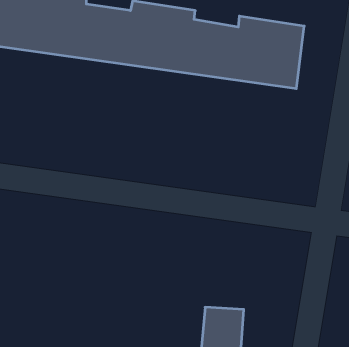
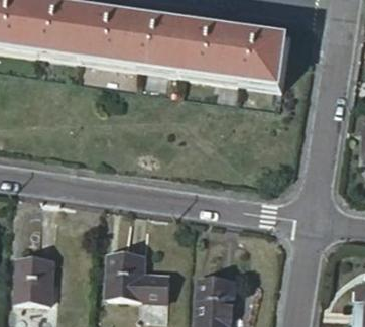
building: none -> [105,251,169,301]
building: none -> [17,252,54,300]

